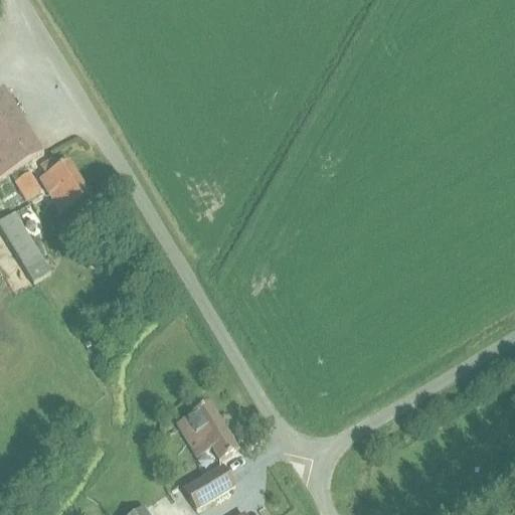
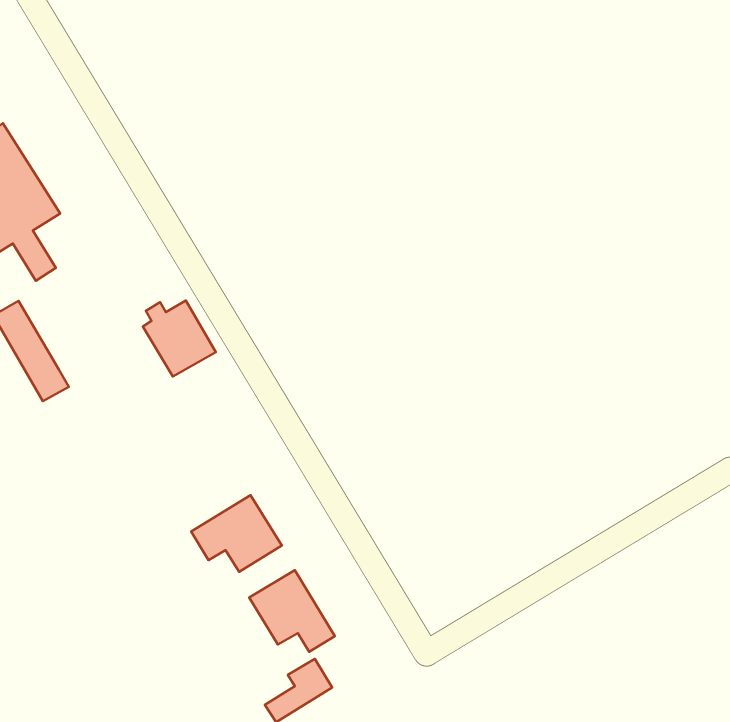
building: [37,158,89,211] -> [143,301,216,377]
building: none -> [191,495,282,572]

